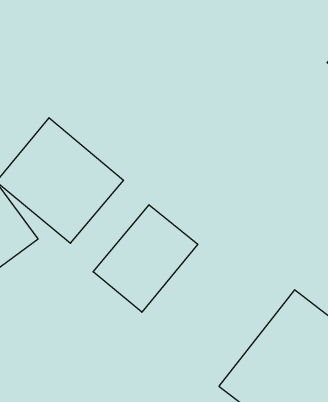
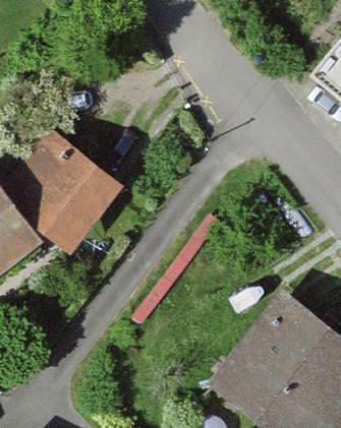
building: [93,205,198,312] -> none

